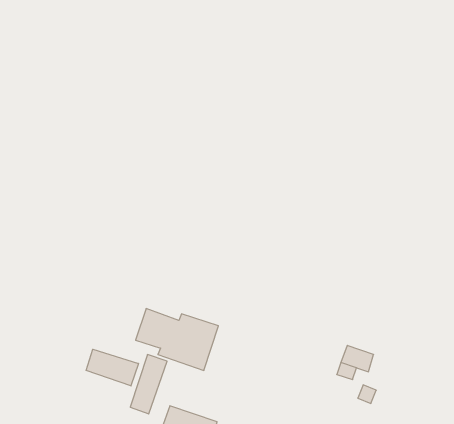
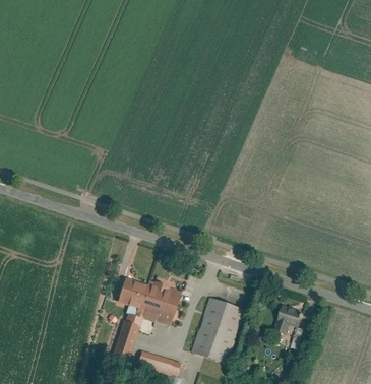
building: none -> [192,298,244,362]
building: [86,349,138,386] -> none

